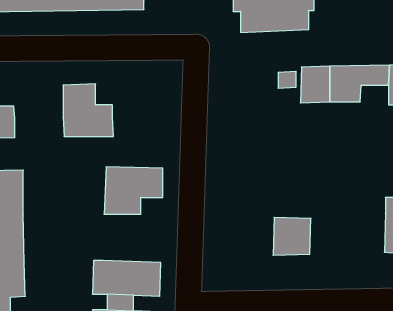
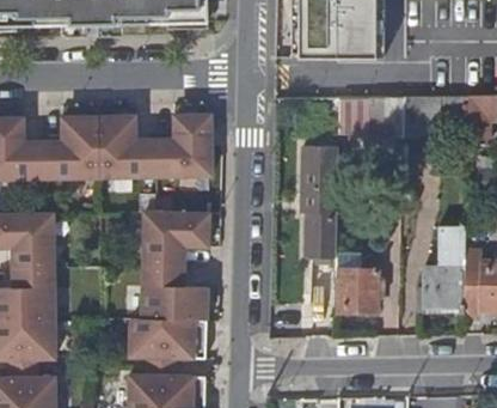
building: none -> [153,116,210,177]
building: none -> [41,118,98,178]
building: none -> [297,140,337,251]
building: none -> [417,223,465,303]
building: none -> [142,266,208,321]

